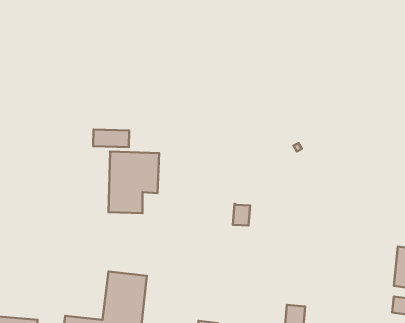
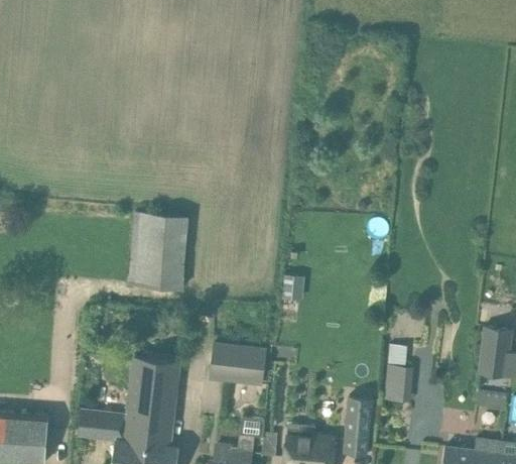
building: [93,130,129,147] -> none
building: none -> [209,344,267,387]
building: none -> [389,345,411,401]

